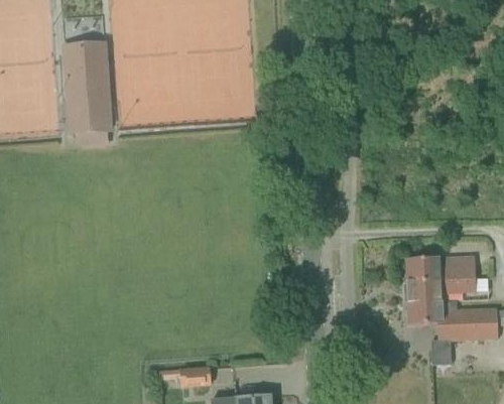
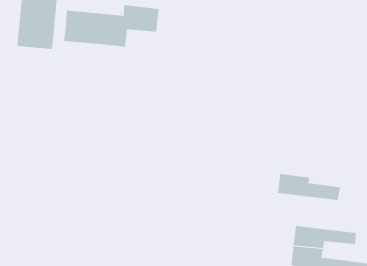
building: none -> [63,4,159,47]
building: [405,257,475,280] -> [277,173,341,201]

